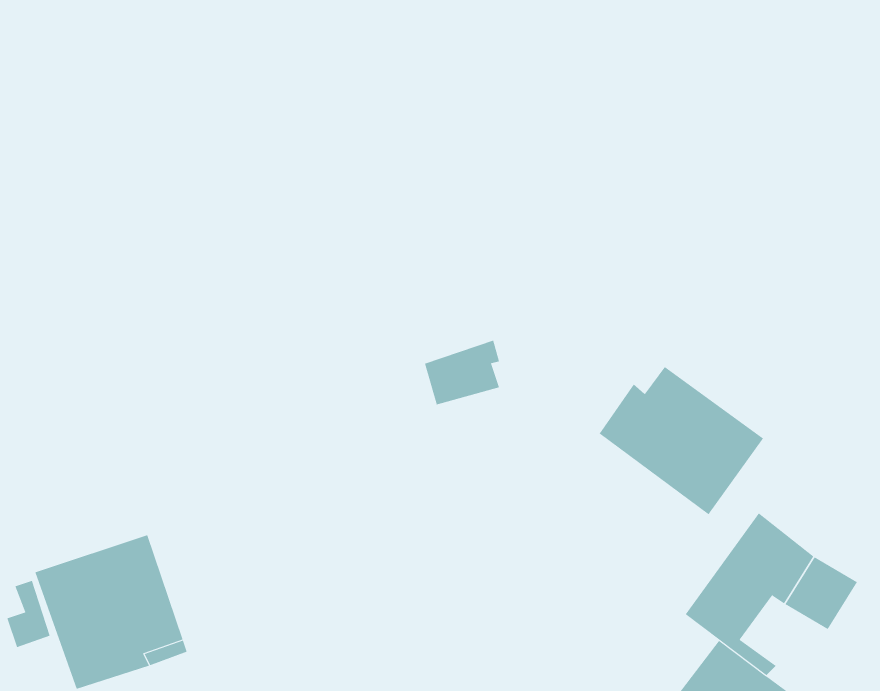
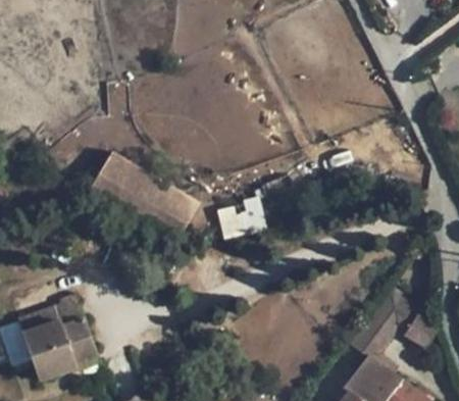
building: none -> [92,154,198,238]
building: [599,366,764,515] -> none

